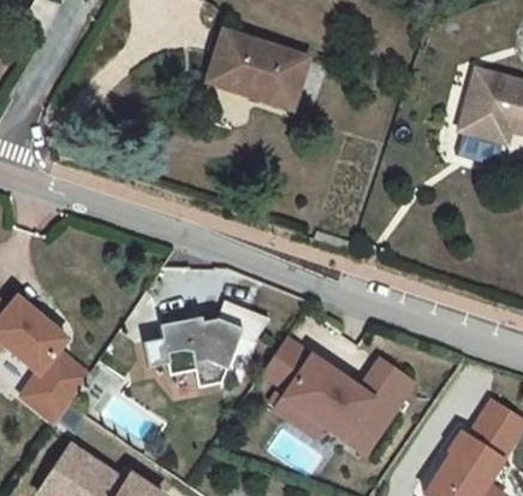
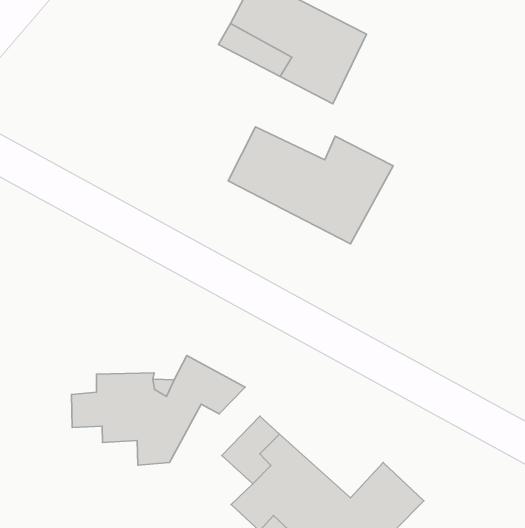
building: none -> [228,127,393,244]

